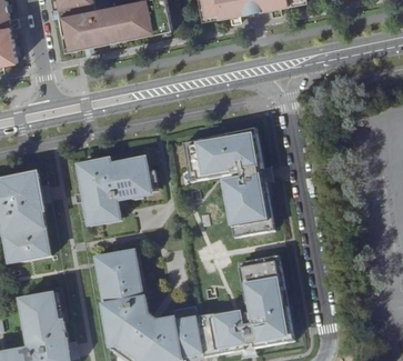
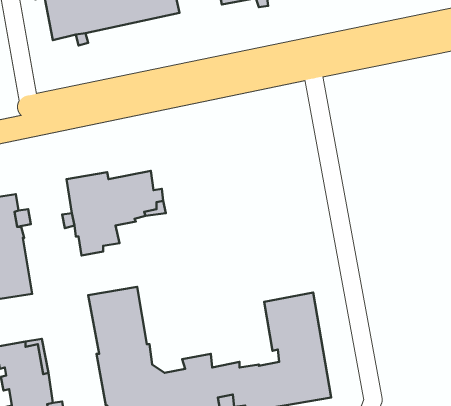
building: [182,129,273,238] -> none

